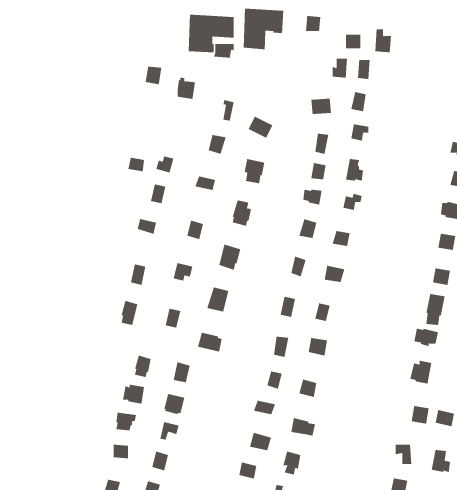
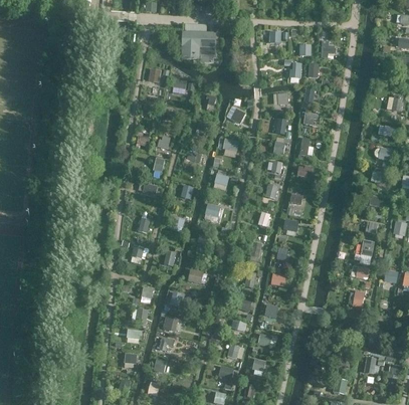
building: [243,8,284,50] -> none

